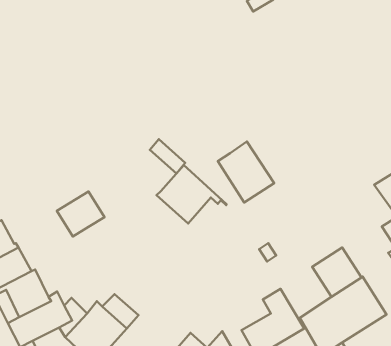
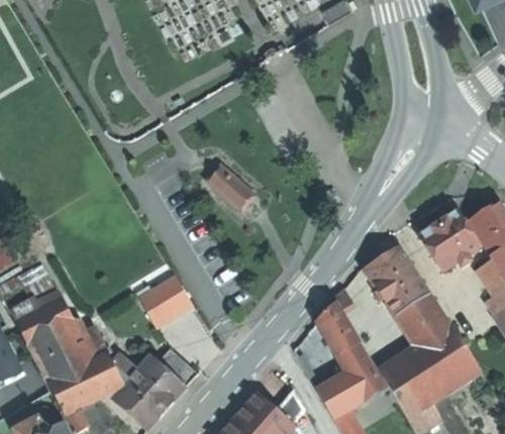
building: [218,142,274,202] -> [366,246,430,316]
building: [157,165,226,223] -> none
building: none -> [418,211,480,270]
building: [57,191,104,236] -> [138,275,193,326]
building: none -> [318,301,360,354]

